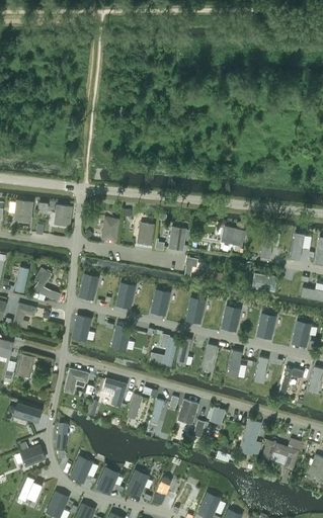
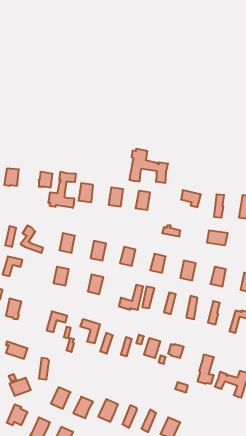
building: none -> [130,149,168,183]
building: none -> [48,172,76,208]

